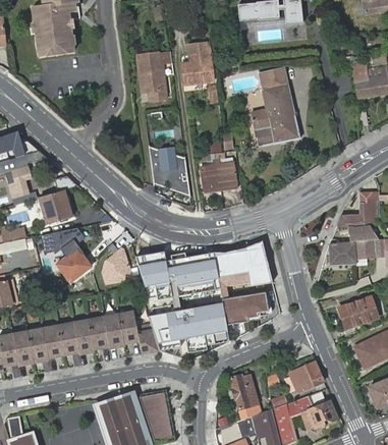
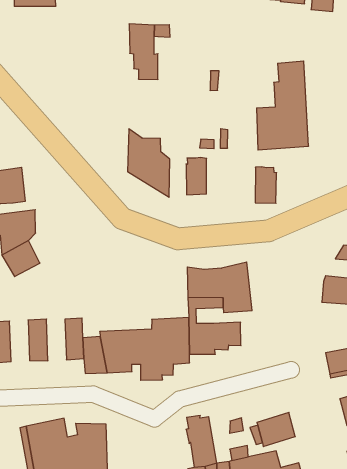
building: [179,43,213,84] -> none
building: [216,158,237,189] -> [255,167,277,203]
building: [103,248,132,283] -> none
building: [136,253,219,297] -> none
building: [102,311,123,347] -> none
building: [71,316,93,352] -> none

